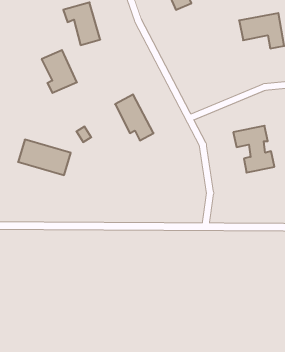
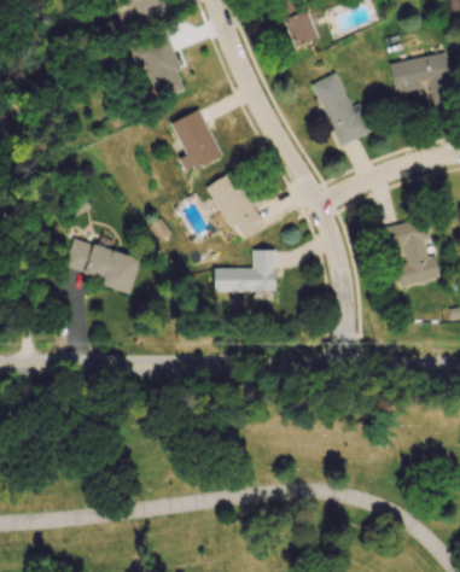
building: none -> [311,72,373,146]
building: [42,50,77,93] -> [170,110,222,173]
building: none -> [214,250,275,291]

